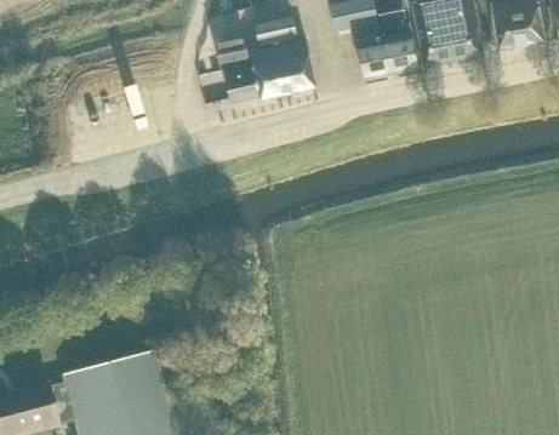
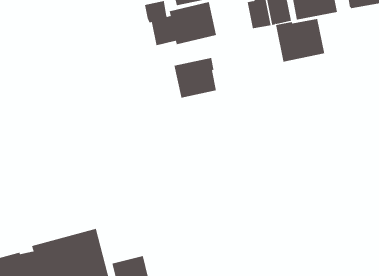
building: none -> [276,18,325,62]
building: none -> [174,57,217,98]

